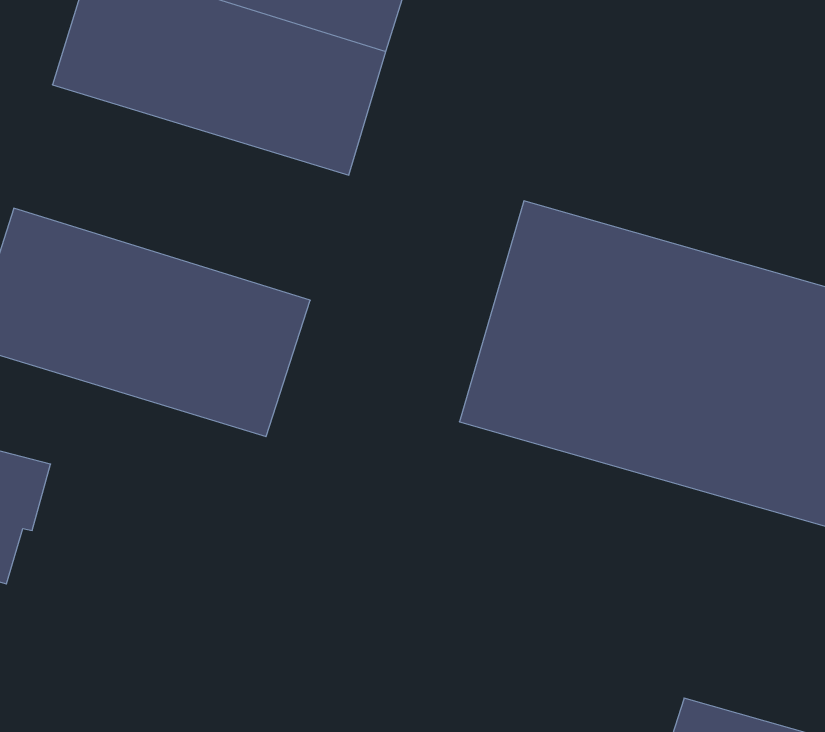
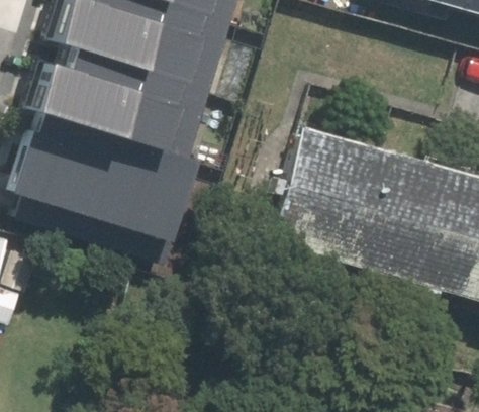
building: none -> [22,54,206,172]

